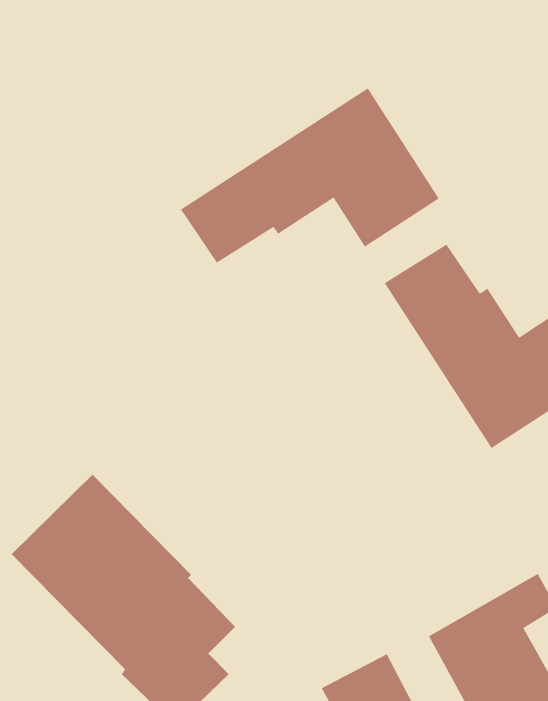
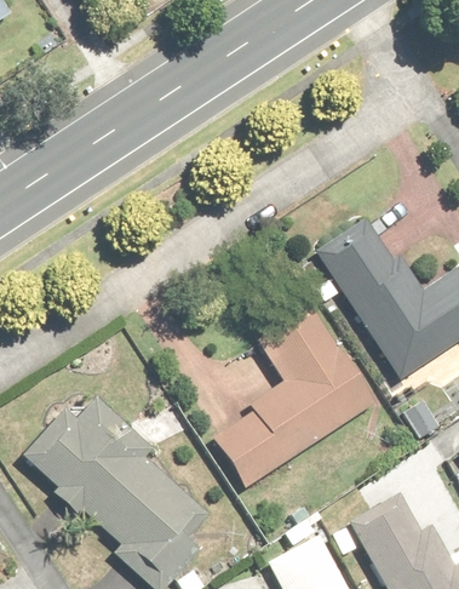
building: [180,88,440,263] -> none
building: none -> [220,305,372,486]

